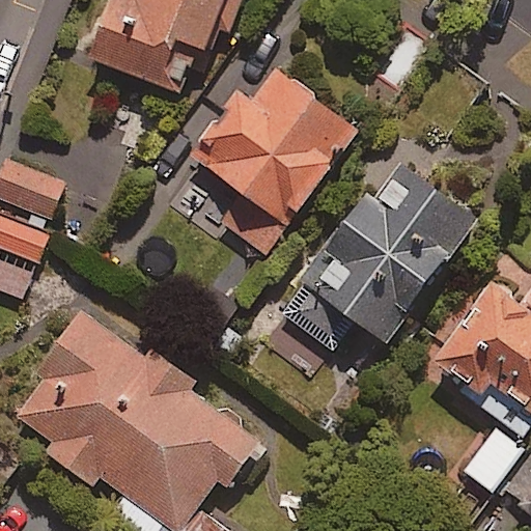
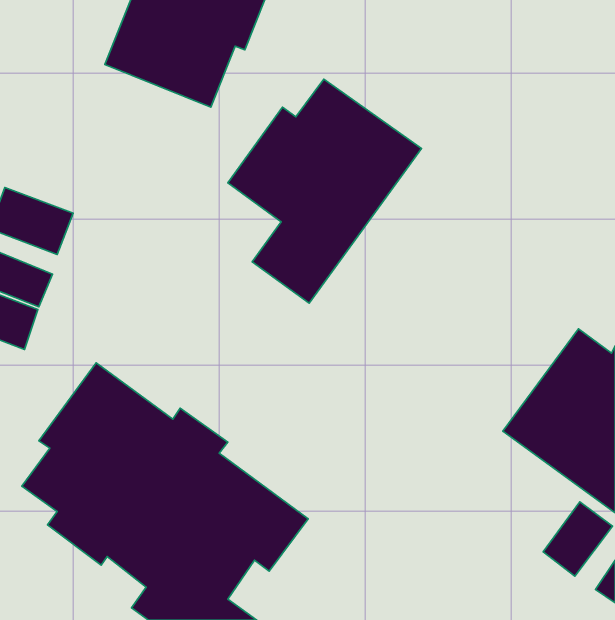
building: [282,157,478,348] -> none

